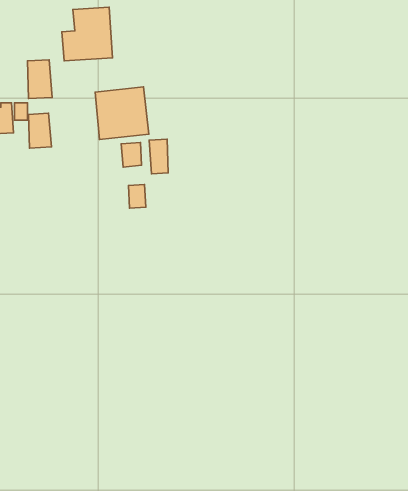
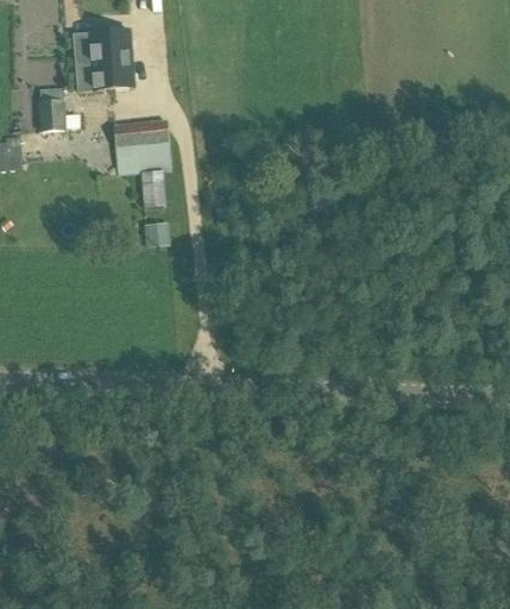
building: [28,113,51,148] -> none
building: [149,139,168,174] -> none

